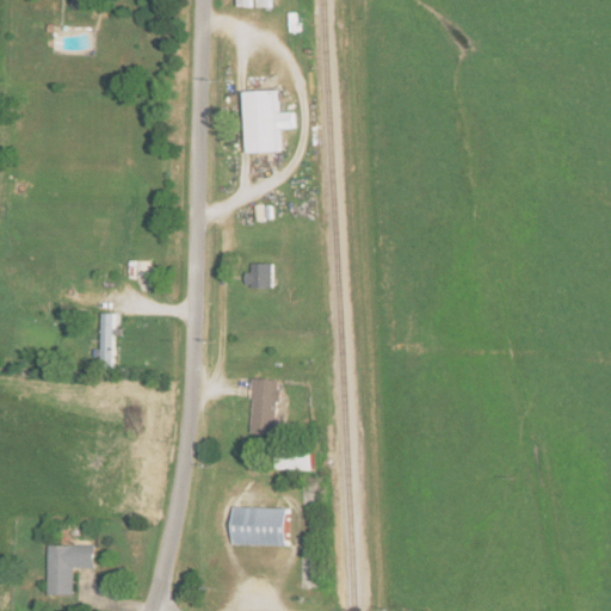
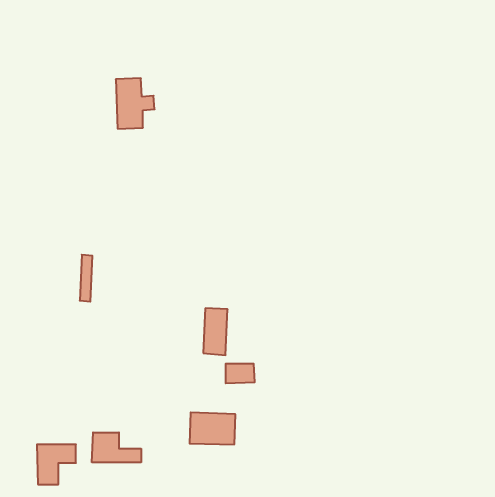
building: [246,90,294,152] -> [116,78,155,129]
building: [243,263,271,286] -> none
building: none -> [92,432,141,462]

